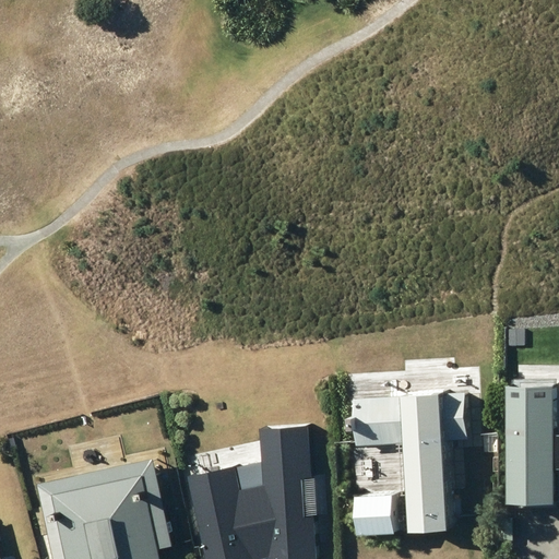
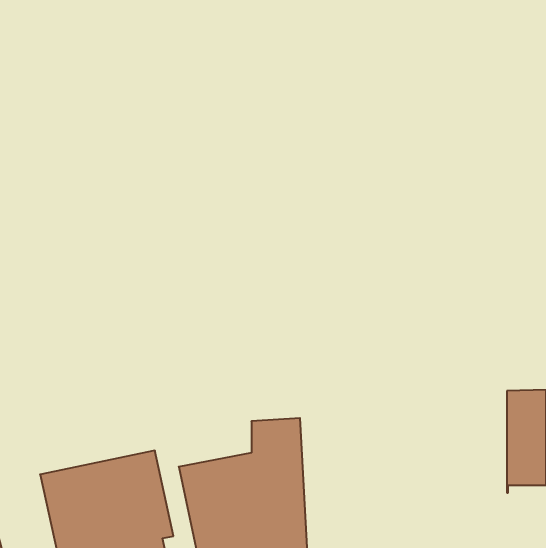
building: [356,391,472,532] -> none

